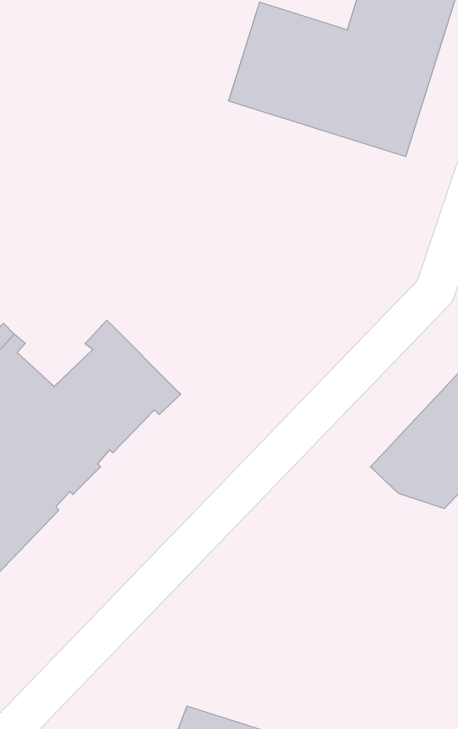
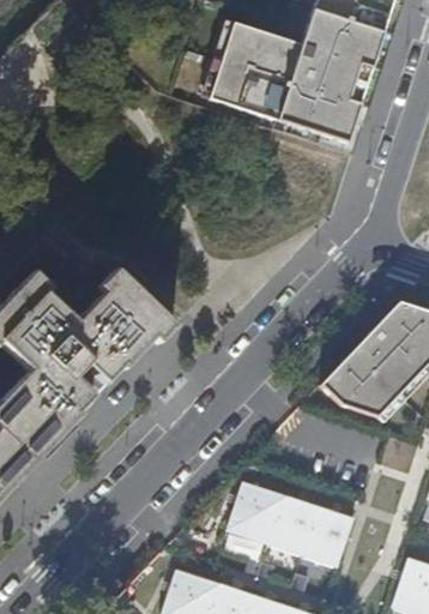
building: none -> [228,481,352,566]

